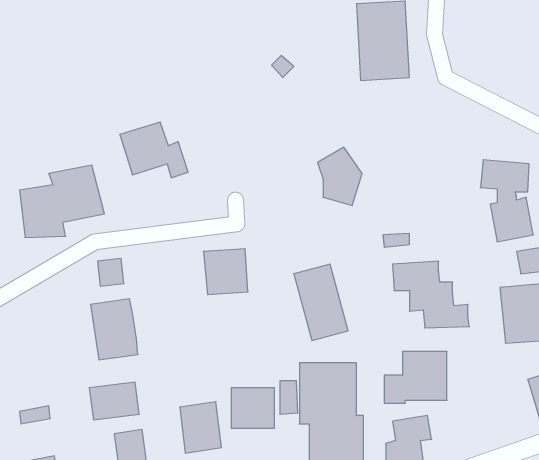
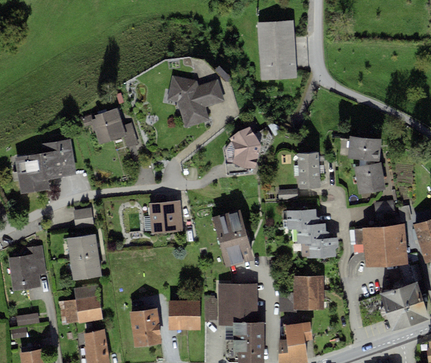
building: none -> [167,77,223,130]
building: none -> [296,153,319,187]
building: none -> [9,247,46,291]

